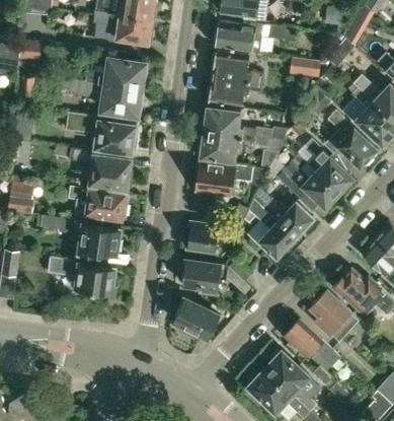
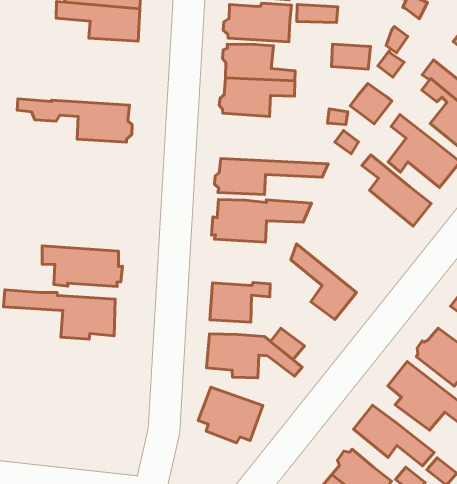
building: [85,58,147,89] -> none
building: [203,107,287,143] -> none
building: [65,114,137,151] -> none
building: [70,148,132,188] -> none
building: [275,161,338,208] -> none
building: [253,188,312,237] -> none
building: [47,257,115,298] -> none

